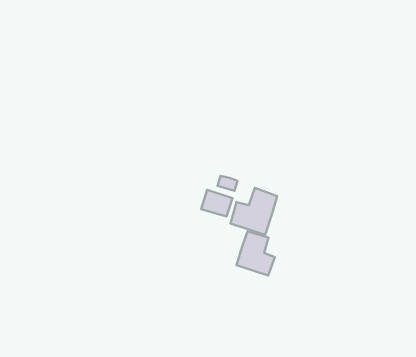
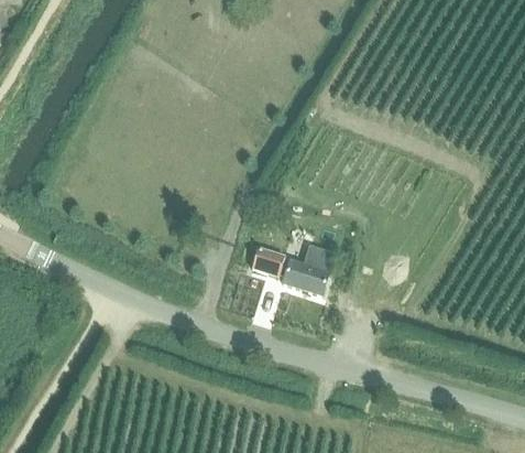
building: [236,232,275,275] -> none

